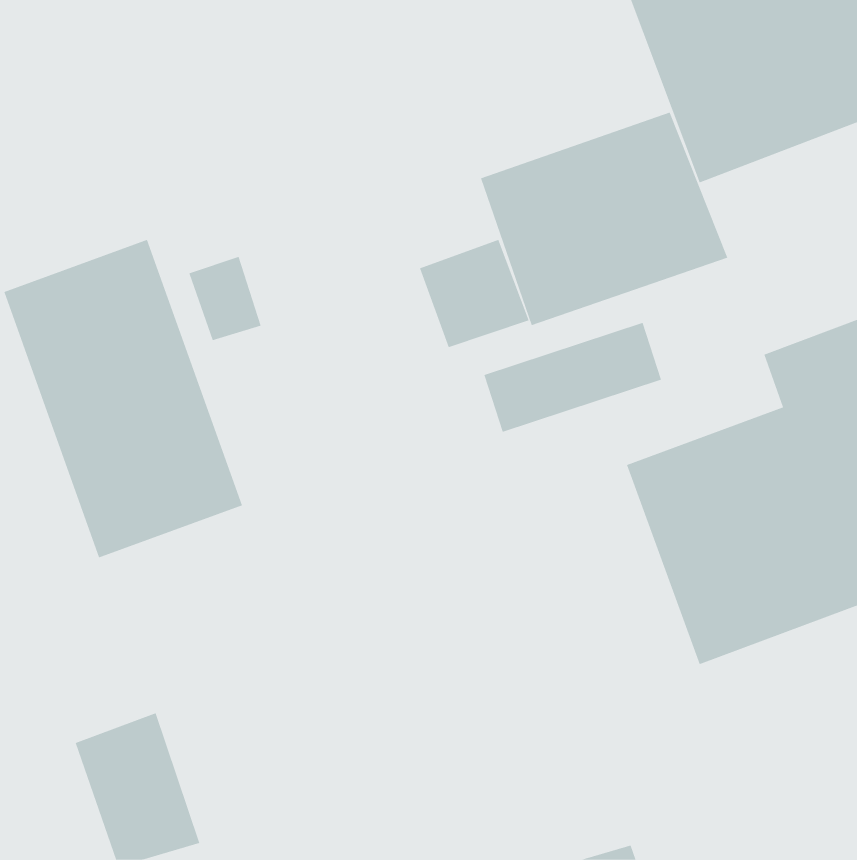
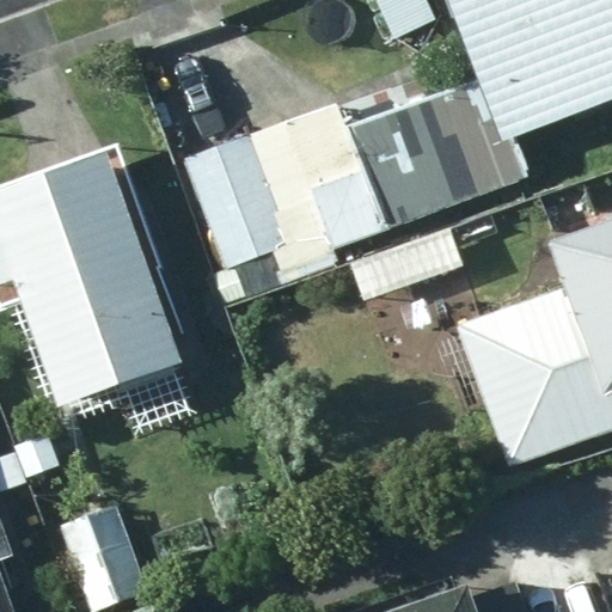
building: none -> [186,135,290,263]

